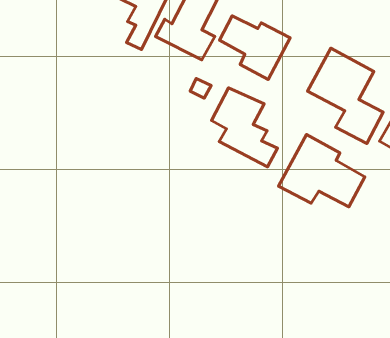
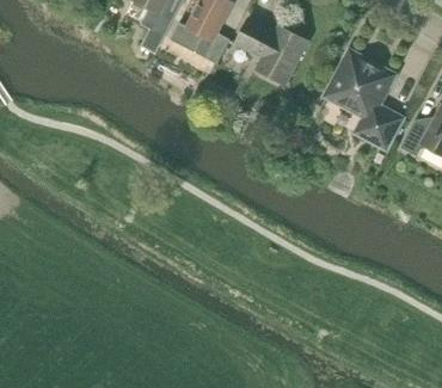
building: [211,88,278,167] -> none
building: [279,135,365,207] -> none

